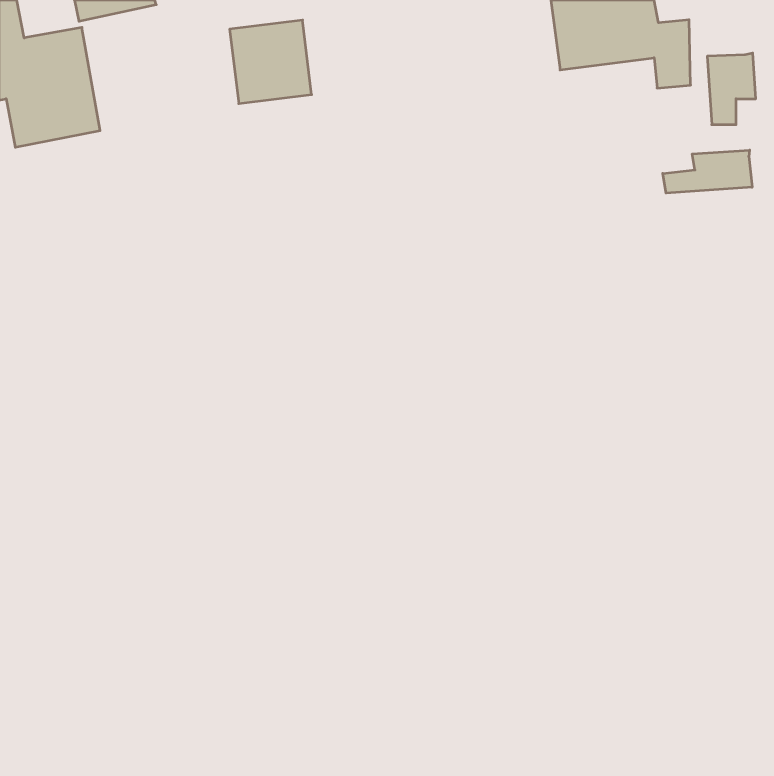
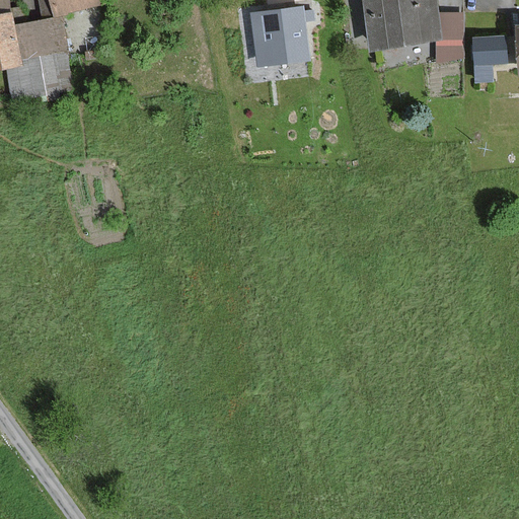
building: [230,20,312,104] -> [252,8,307,64]
building: [663,150,752,193] -> none

